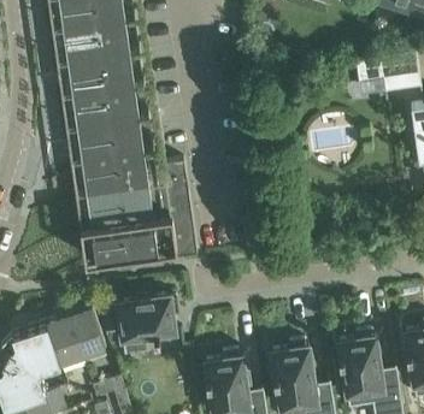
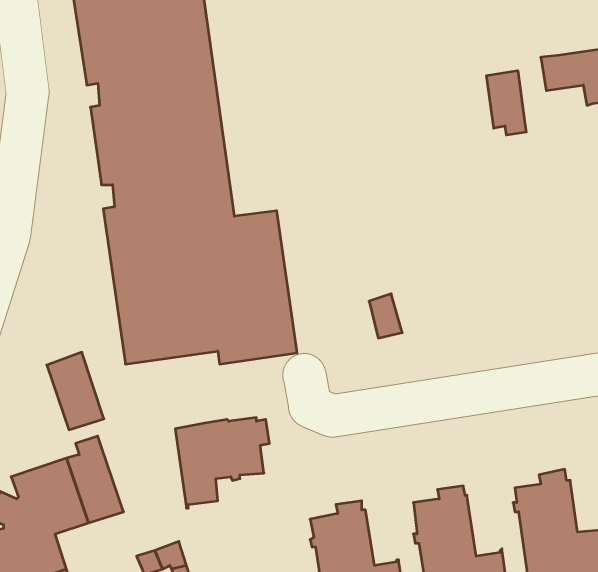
building: none -> [487,71,526,135]
building: [69,306,106,356] -> [47,352,104,430]

